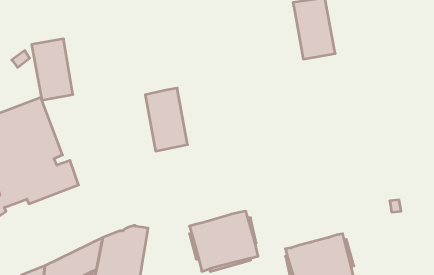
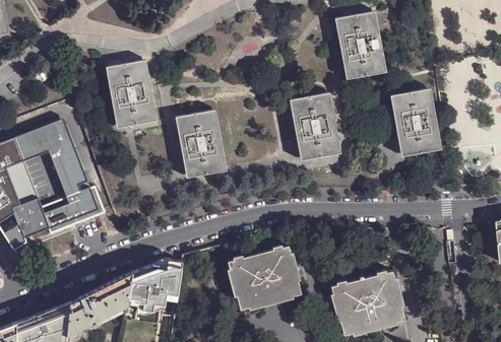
building: [32,39,73,100] -> [108,62,152,128]
building: none -> [392,90,438,156]
building: none -> [292,95,337,161]

